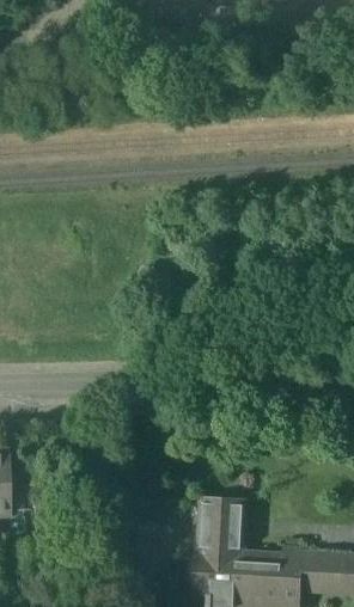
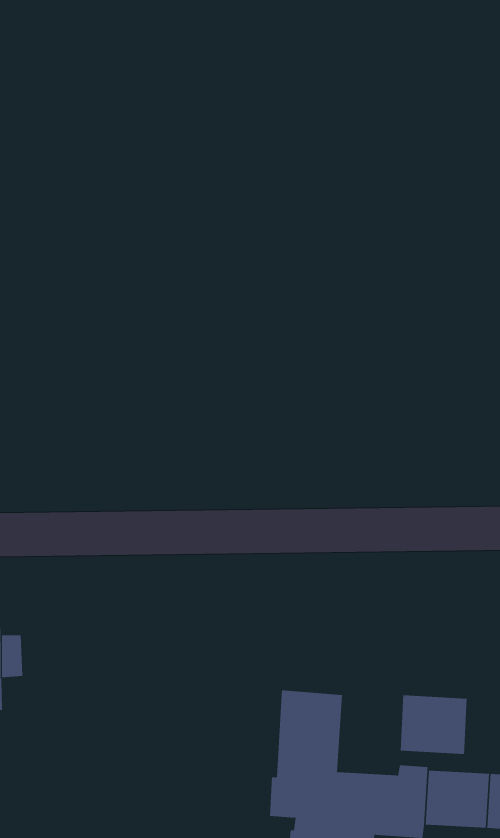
building: none -> [400,695,467,755]

